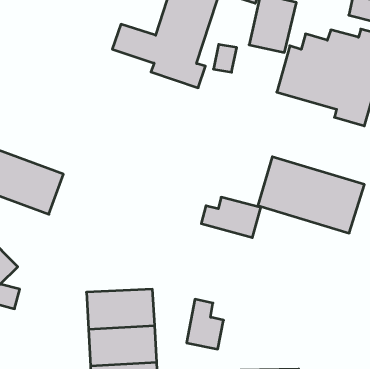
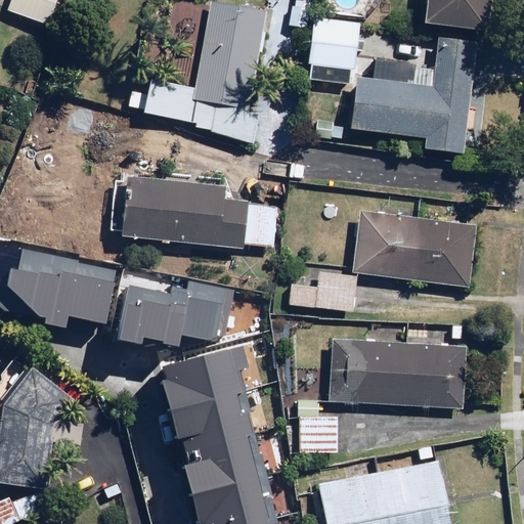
building: none -> [119,177,277,247]
building: none -> [117,273,230,345]
building: none -> [155,350,244,411]
building: none -> [331,339,465,407]

